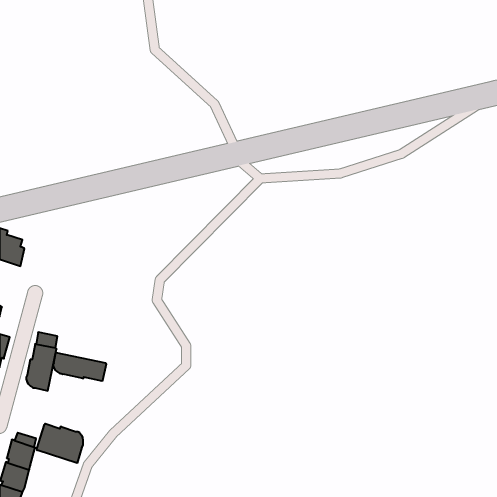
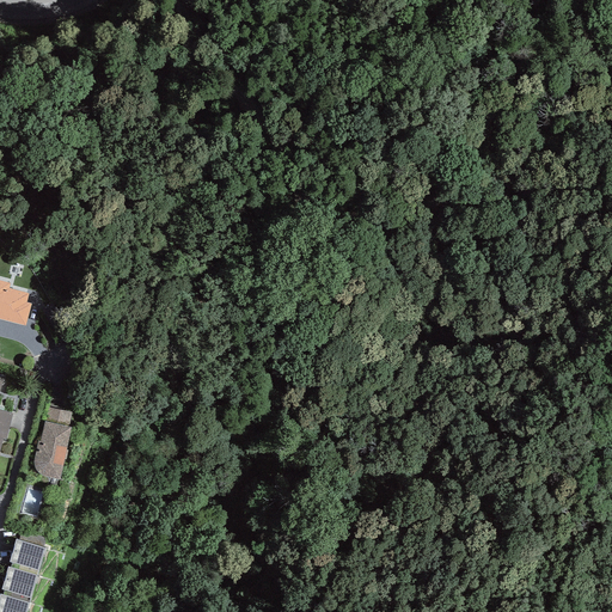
building: [53,353,106,381] -> none
building: [37,424,83,463] -> none

